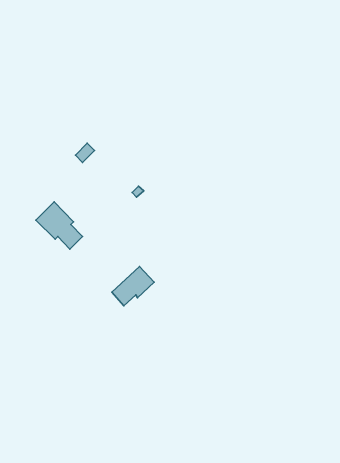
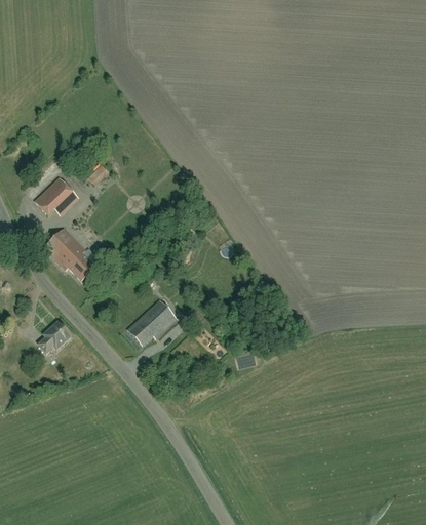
building: none -> [34,177,73,214]
building: none -> [38,321,71,353]

